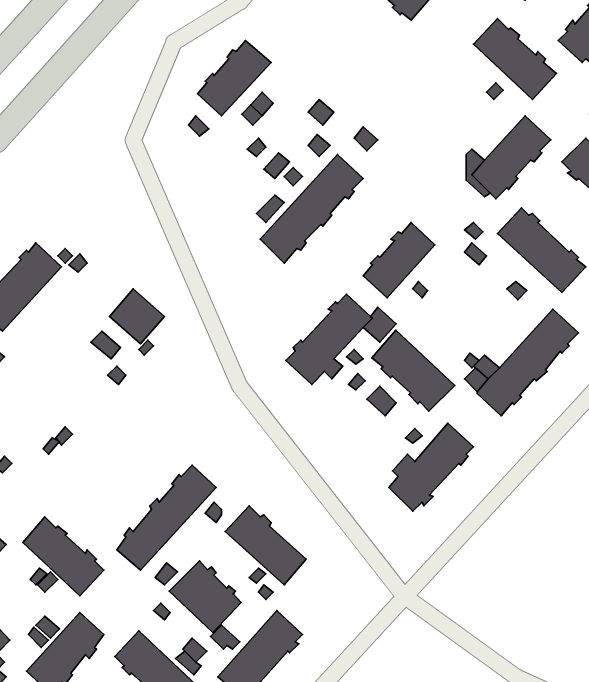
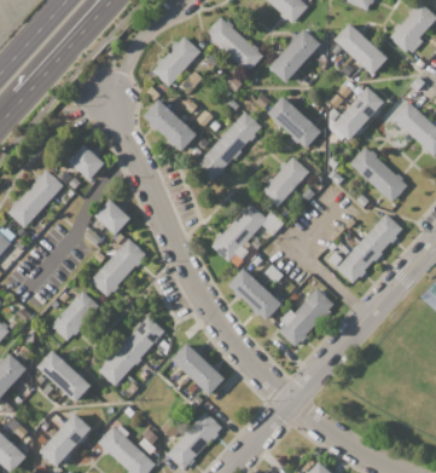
building: none -> [204,16,263,74]
building: none -> [268,28,321,83]
building: none -> [267,96,320,148]
building: none -> [143,99,197,151]
building: none -> [68,144,105,180]
building: [372,330,455,411] -> [227,267,281,321]
building: none -> [89,238,146,298]
building: none -> [51,290,98,340]
building: [169,561,241,632] -> none

